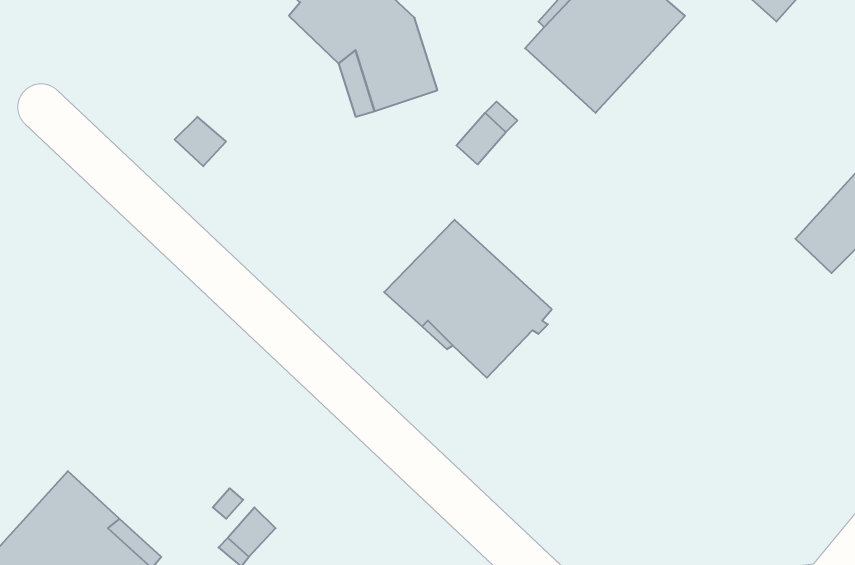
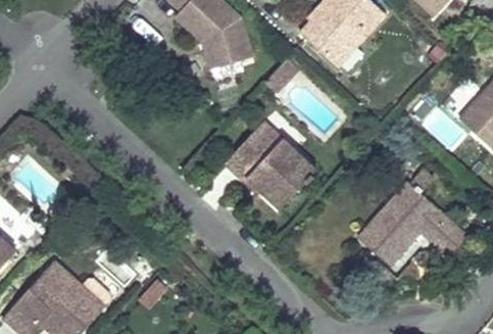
building: none -> [357,169,469,268]

